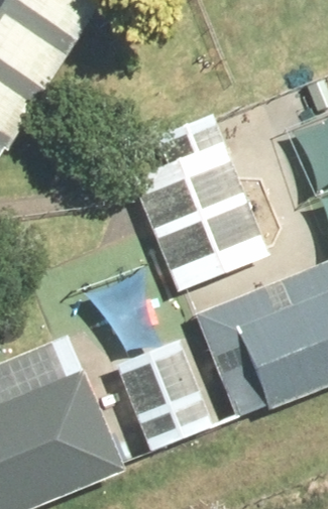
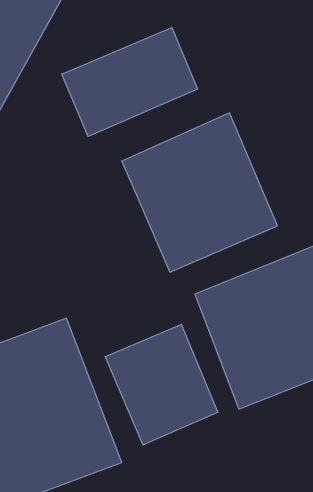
building: none -> [62,27,197,136]

